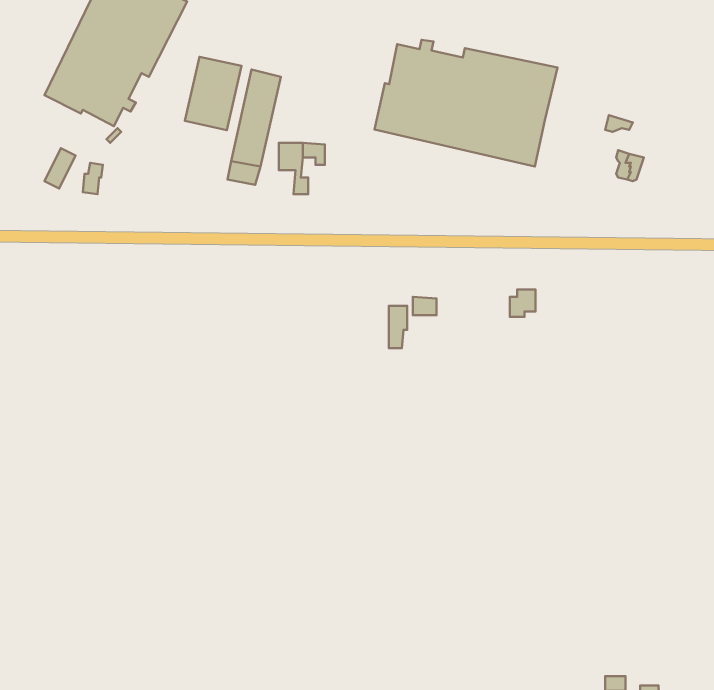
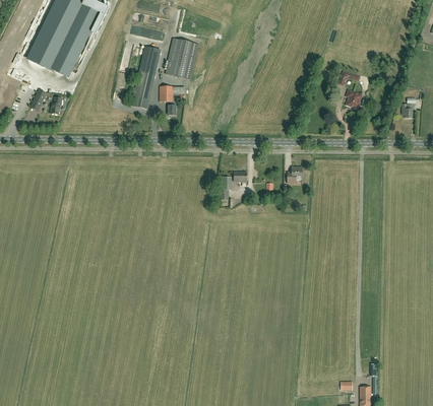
building: [375,40,557,167] -> none
building: [185,57,242,130] -> [165,38,196,78]

